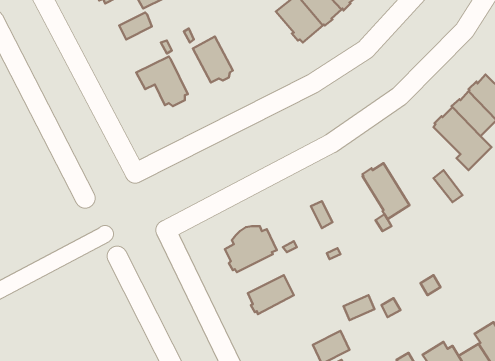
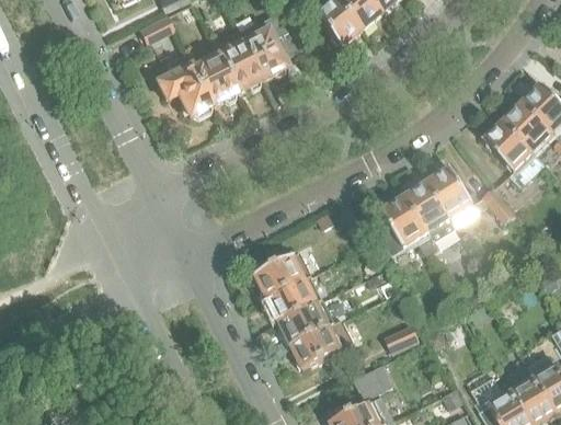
building: none -> [242,9,300,78]
building: none -> [194,54,238,104]
building: none -> [427,166,472,217]
building: none -> [379,194,427,254]
building: none -> [266,279,318,322]
building: none -> [289,319,353,368]

